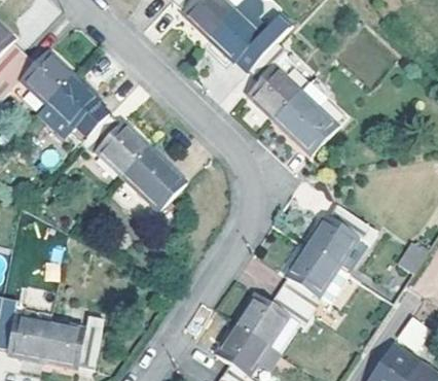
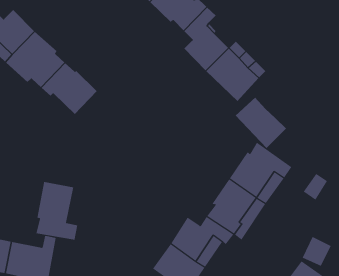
building: [123,145,187,209] -> none
building: none -> [235,97,287,149]
building: none -> [36,181,78,241]

